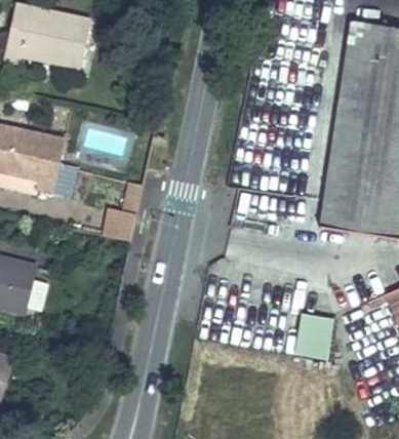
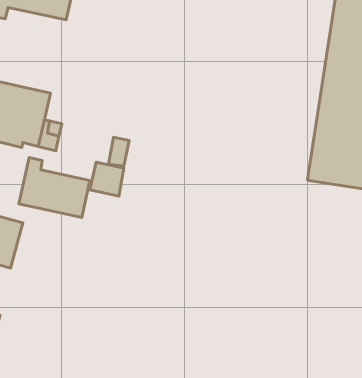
building: none -> [19,157,90,217]
building: [292,312,332,360] -> none

